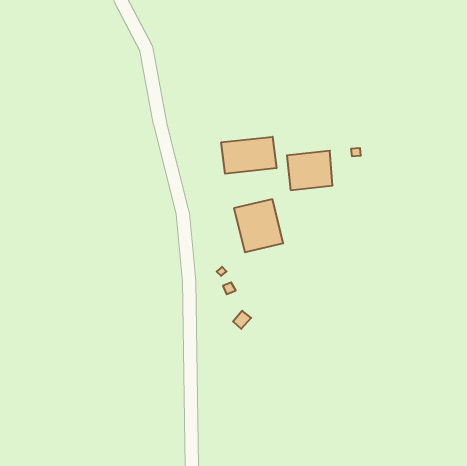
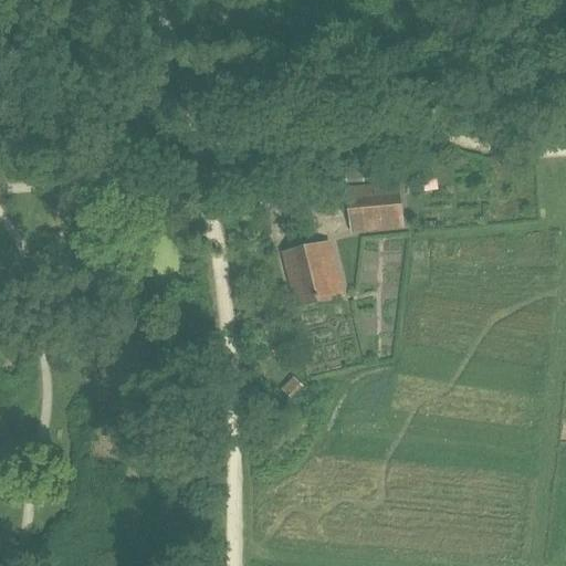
building: [221,137,276,174] -> none

